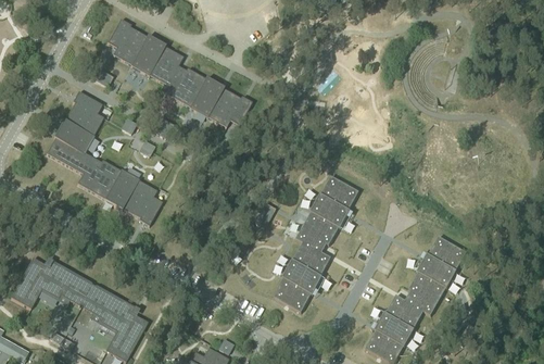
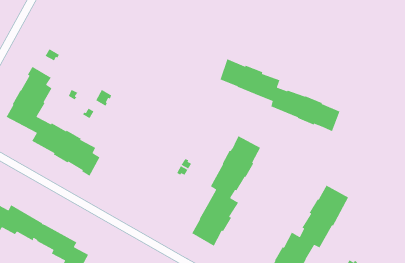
building: [106,18,252,127] -> none
building: none -> [219,58,341,132]

